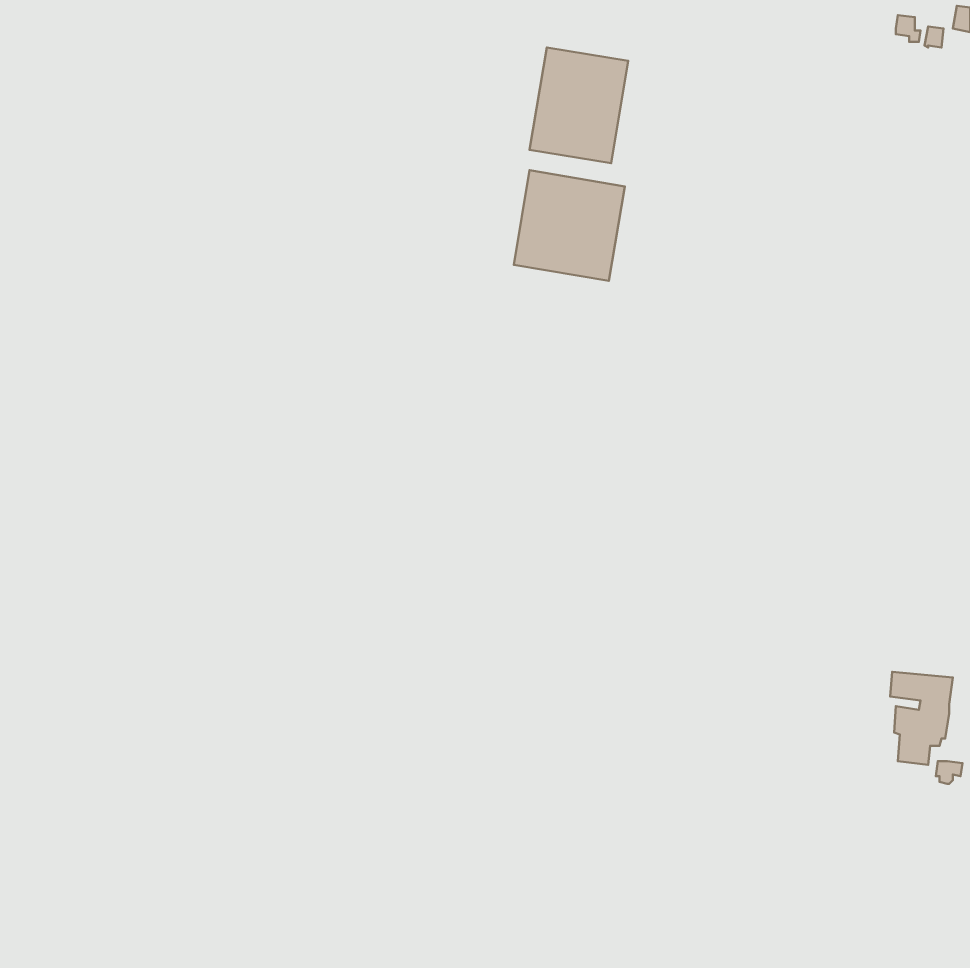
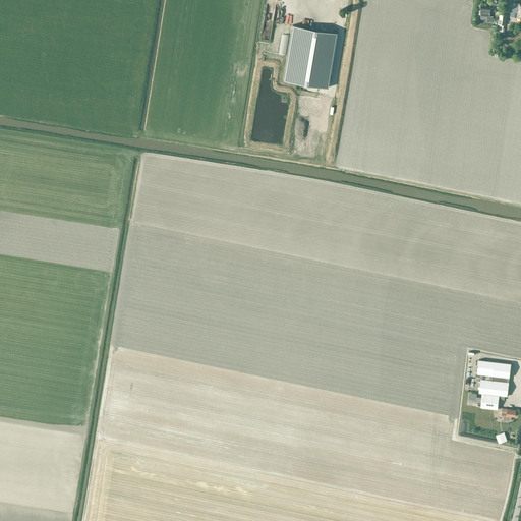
building: [514,170,625,281] -> none

